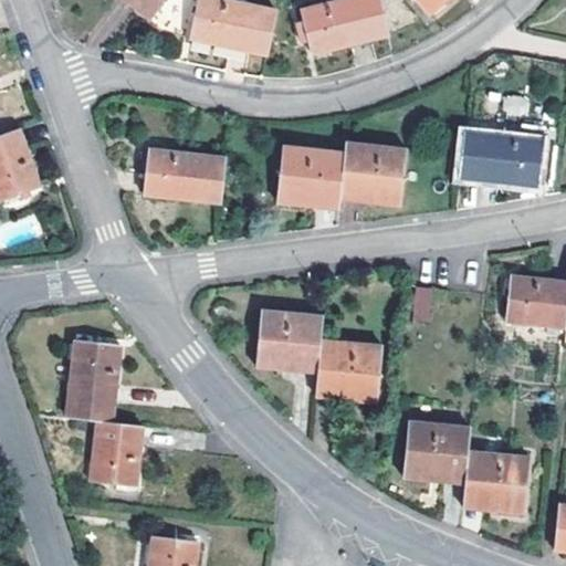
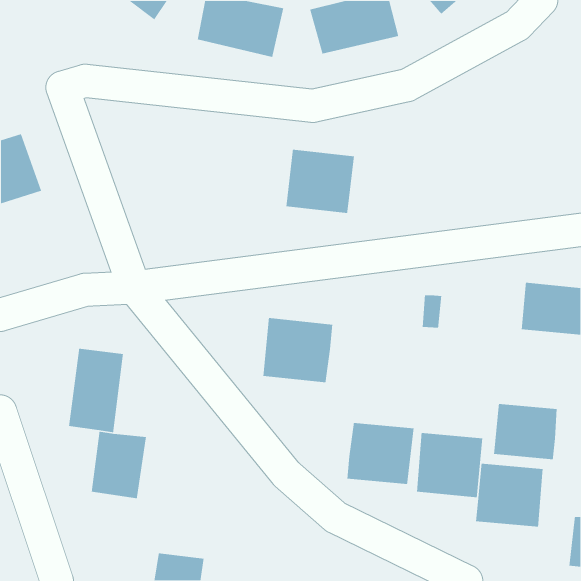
building: [460,130,541,186] -> none
building: [339,143,408,205] -> none
building: [144,148,227,203] -> none
building: [315,339,381,400] -> [346,422,415,485]
building: none -> [493,403,557,460]

